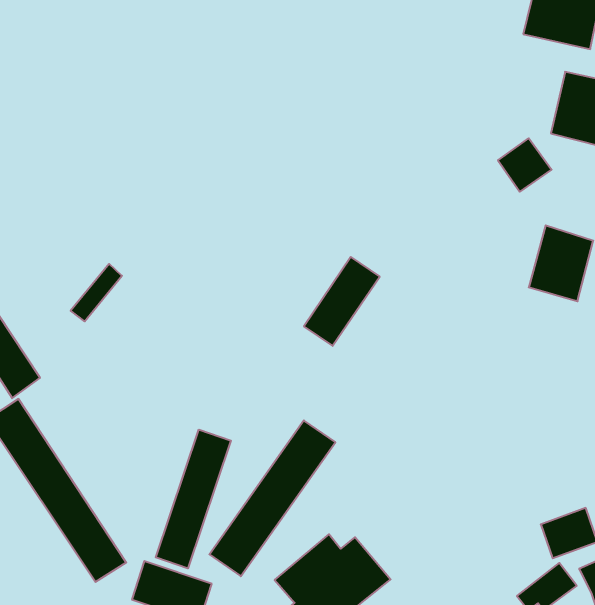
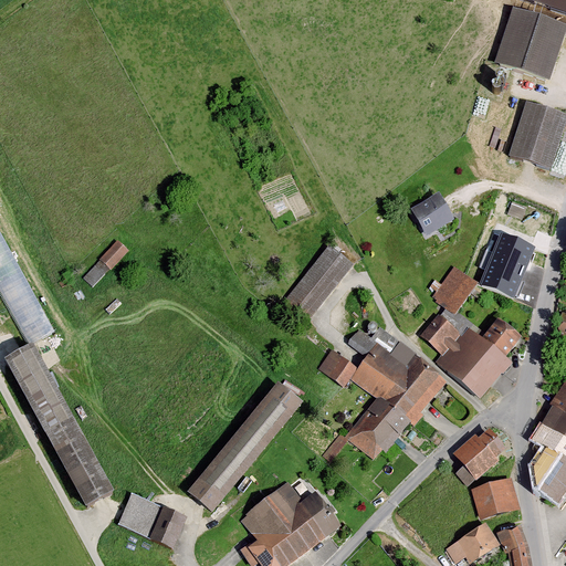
building: [498,138,552,192] -> [410,192,455,238]
building: none -> [432,268,475,313]
building: none -> [420,315,520,398]
building: none -> [318,327,449,459]
building: [156,430,231,568] -> none
building: none -> [453,427,506,485]

